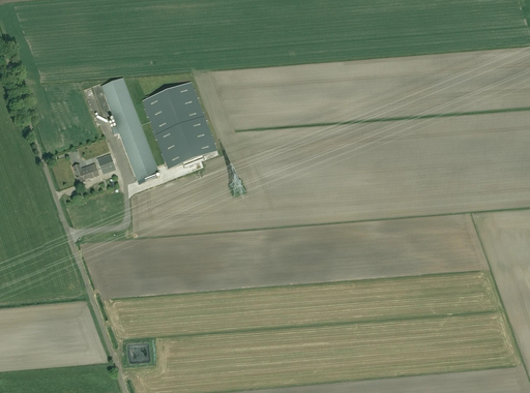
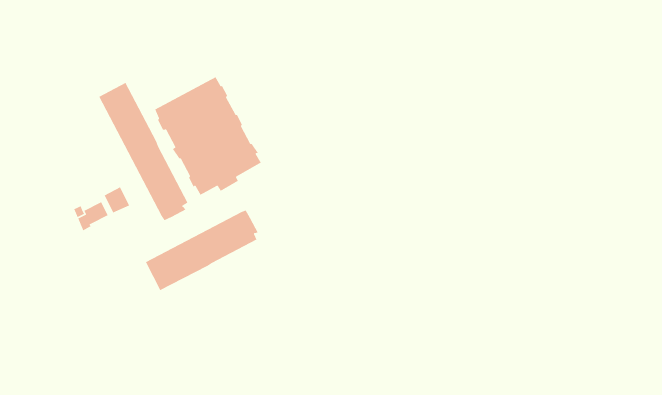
building: none -> [145,210,259,291]

